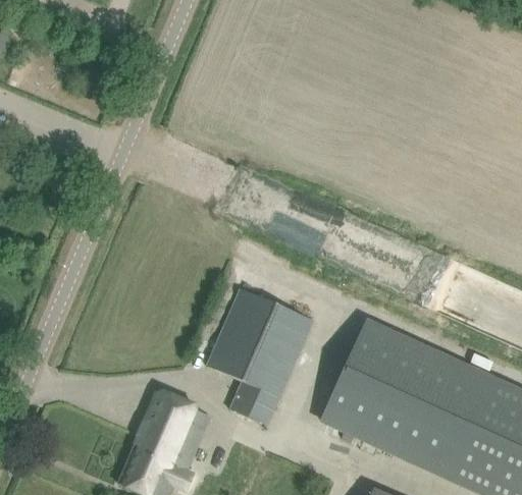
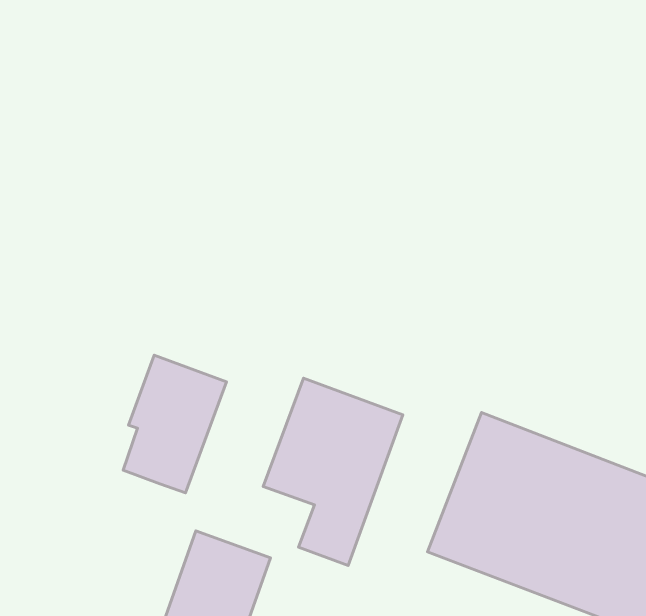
building: none -> [123,355,227,493]

